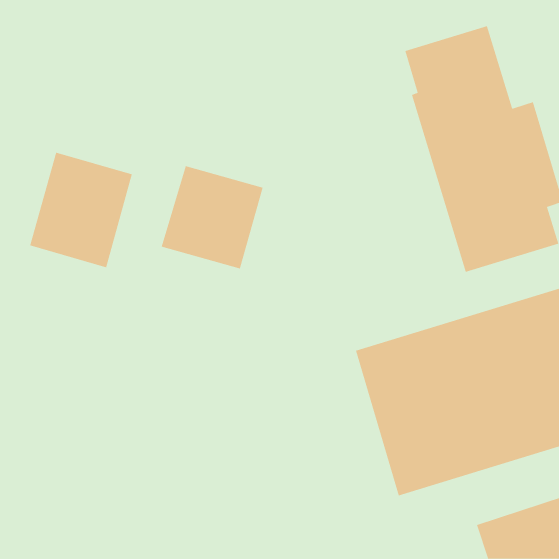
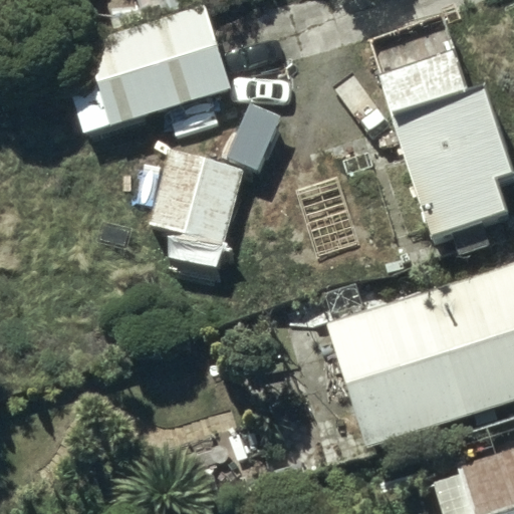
building: none -> [63,12,233,132]
building: [29,152,132,268] -> none

